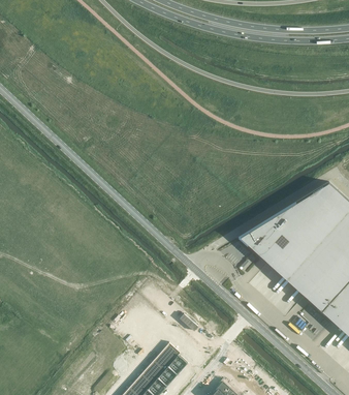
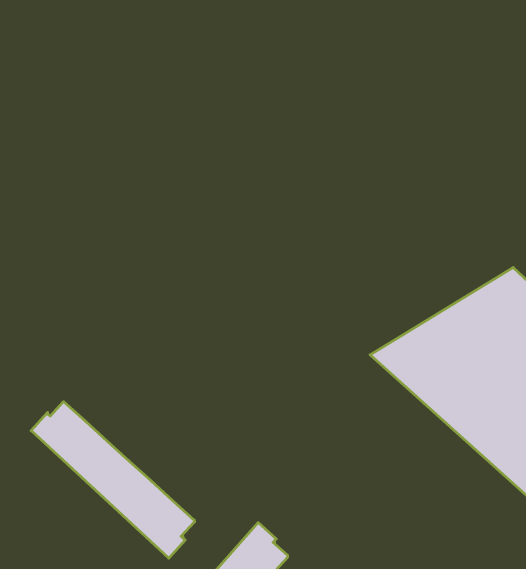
building: none -> [31,402,195,558]

